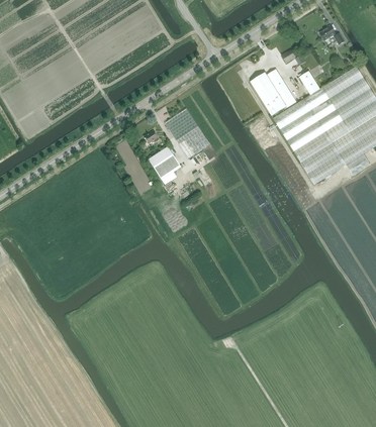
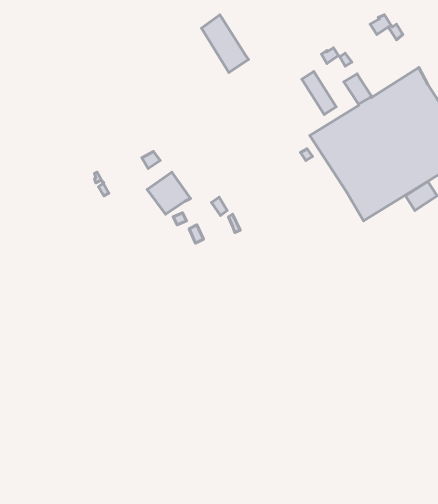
building: [251,72,287,116] -> [201,15,249,73]
building: [165,108,209,158] -> none

